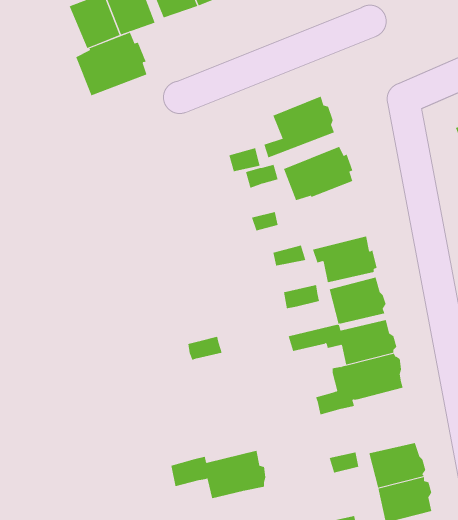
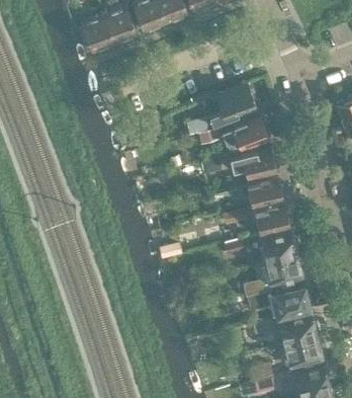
building: [75,32,147,96] -> none
building: none -> [231,148,279,179]
building: [170,450,266,499] -> [248,286,312,318]

